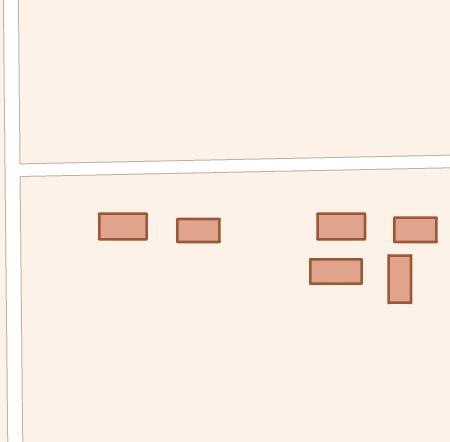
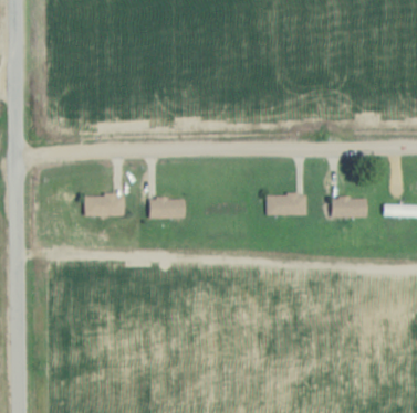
building: [389,255,411,303] -> none
building: [310,259,361,284] -> none

